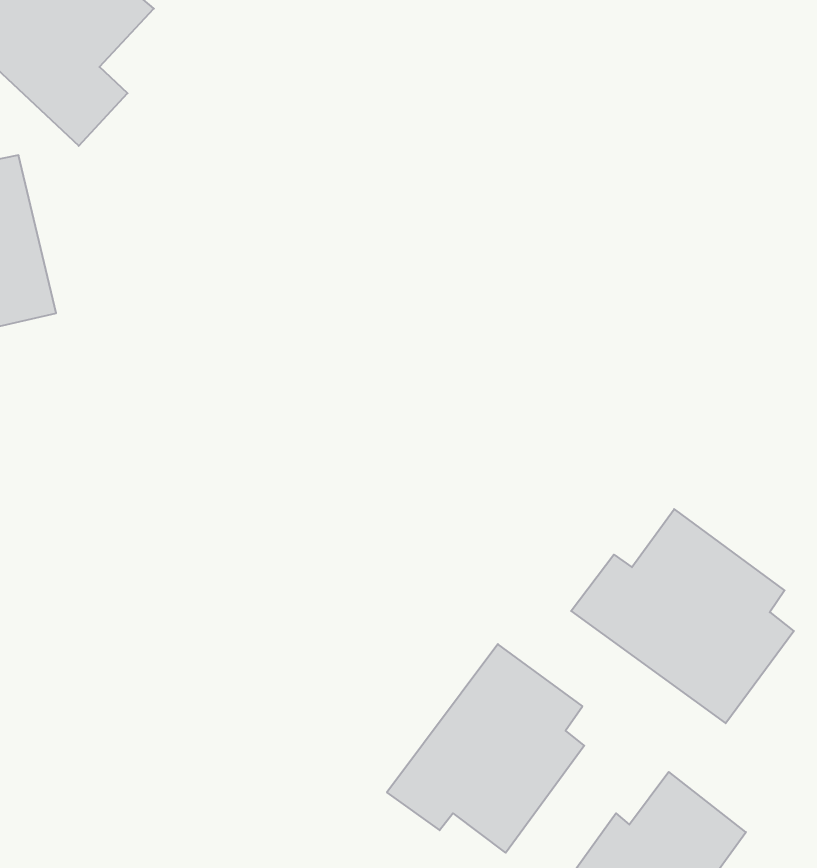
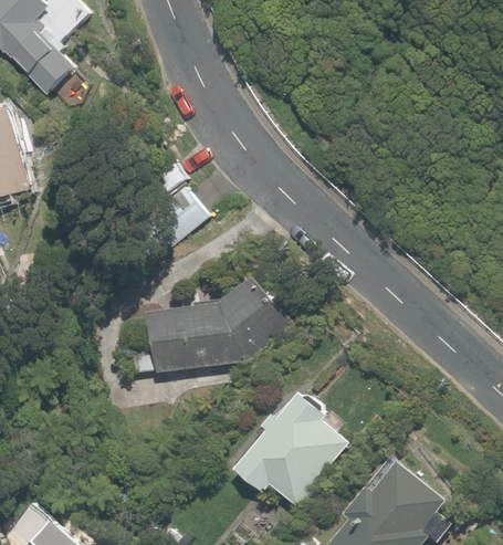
building: none -> [135,273,285,374]
building: [571,509,794,723] -> none

